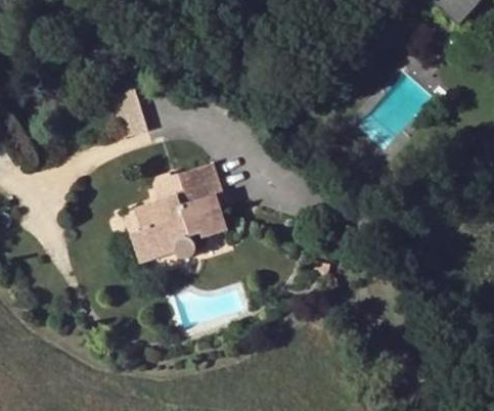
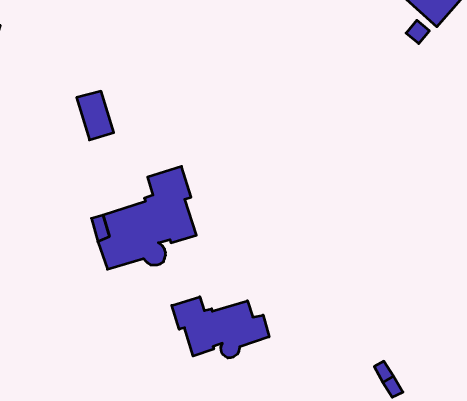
building: none -> [172,297,269,358]

